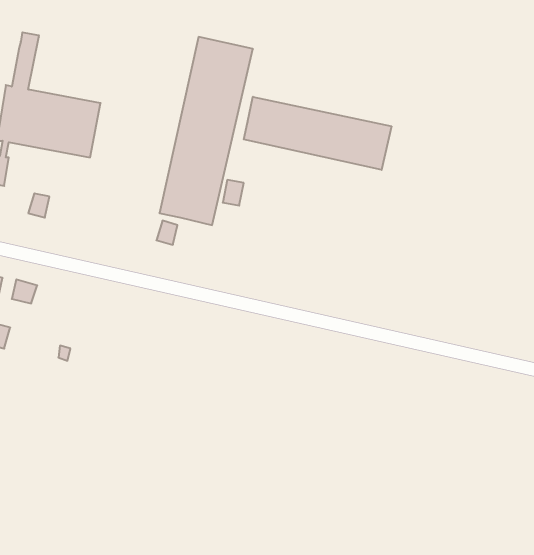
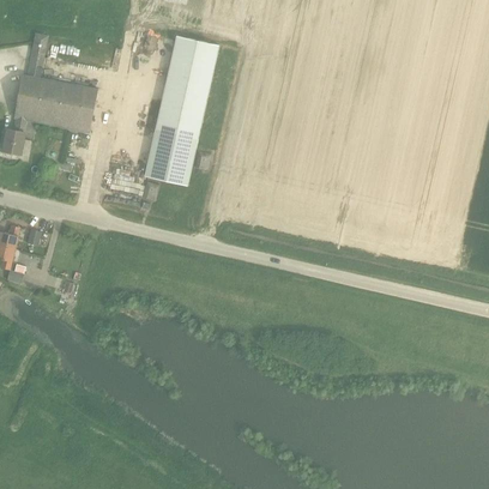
building: [244,97,391,170] -> none

